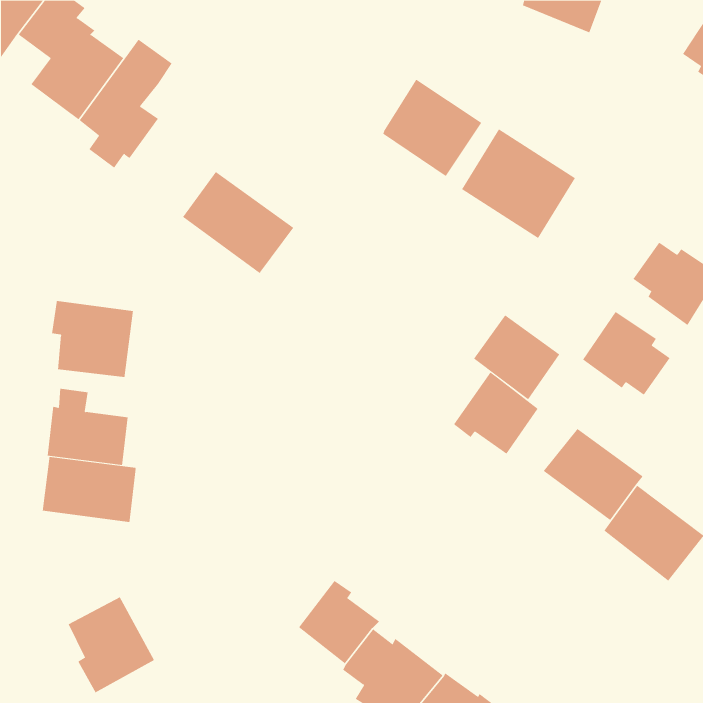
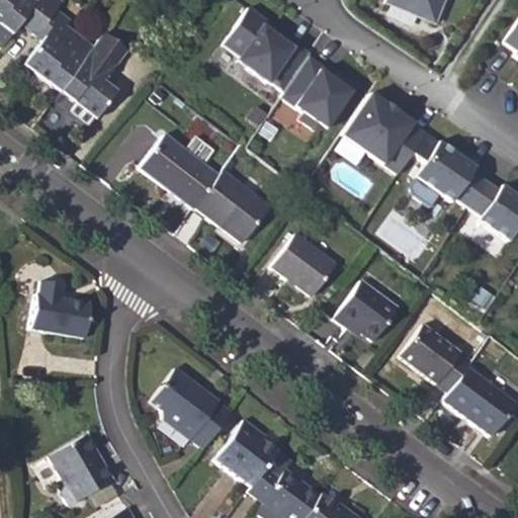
building: none -> [222,8,311,97]
building: none -> [193,165,267,235]
building: [51,300,134,378] -> none
building: [582,311,671,395] -> [420,145,485,206]
building: [473,314,560,400] -> [272,228,336,290]
building: [42,456,136,523] -> none
building: none -> [154,374,235,456]

